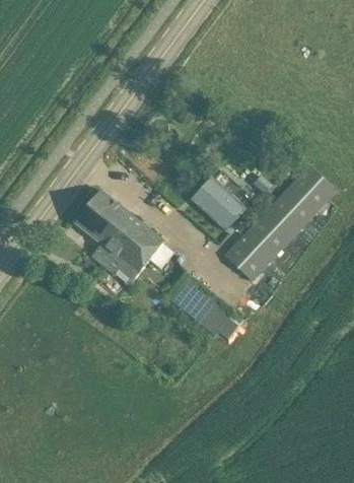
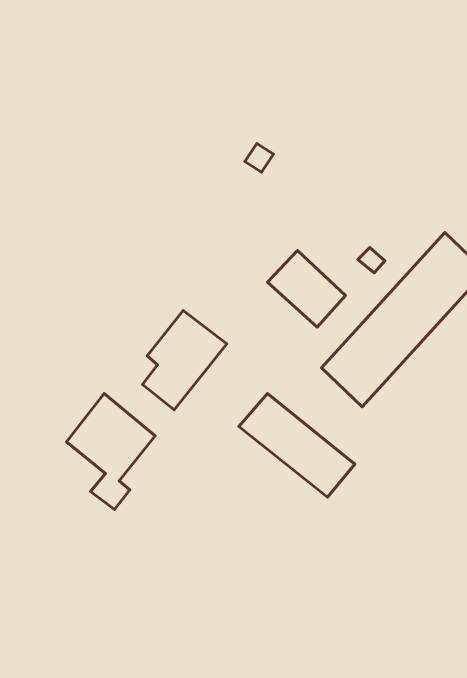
building: [73,189,133,267] -> [66,394,155,509]

